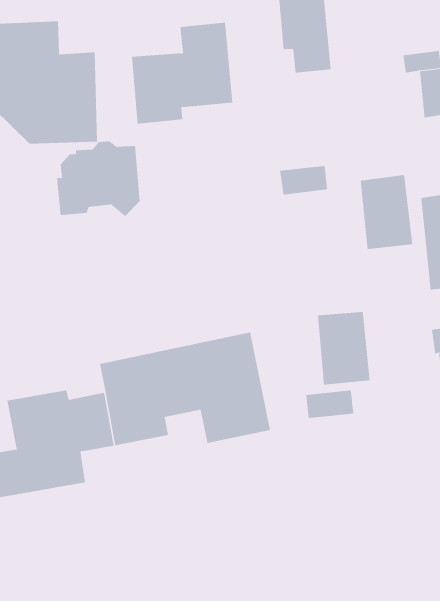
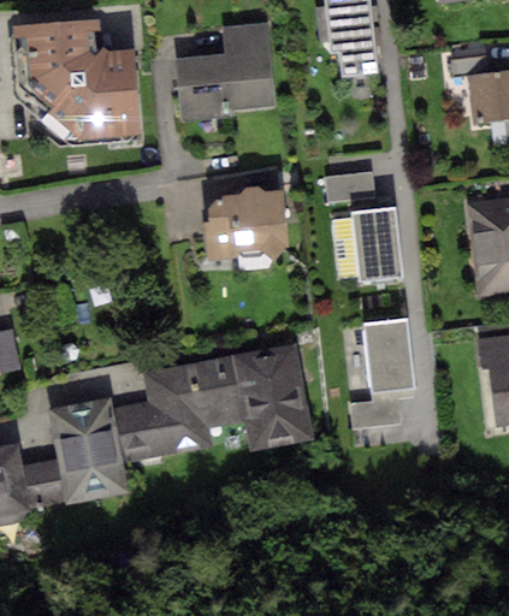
building: [56,141,141,217] -> [203,183,289,260]
building: [360,175,413,249] -> [350,206,404,282]

